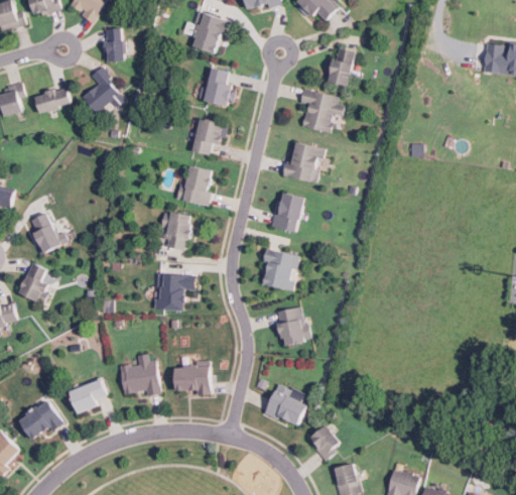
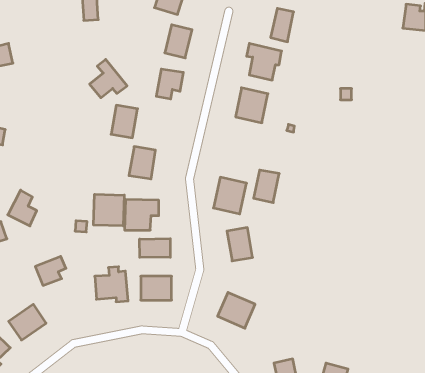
building: [82,69,126,114] -> [90,59,127,98]
building: [34,91,71,114] -> none
building: [181,166,213,205] -> [111,105,138,138]
building: [273,194,303,232] -> [254,170,279,203]
building: [28,213,61,254] -> none
building: none -> [94,194,124,226]
building: none -> [140,239,170,257]
building: [70,378,106,412] -> [35,256,66,285]
building: [307,424,342,459] -> none

